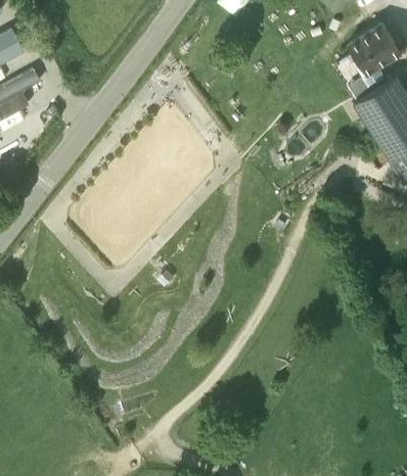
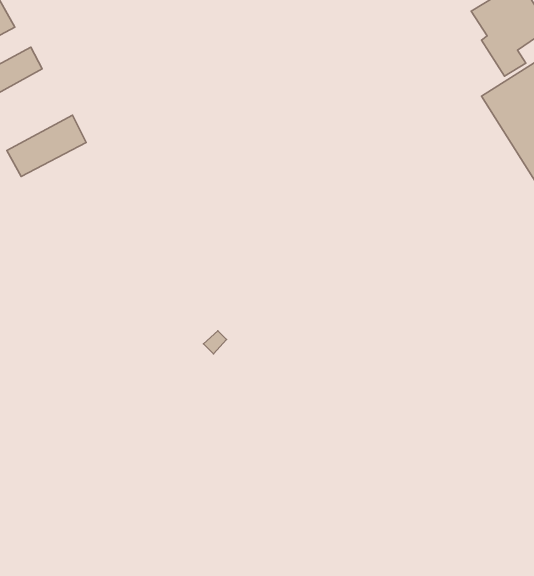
building: none -> [7,115,86,177]

